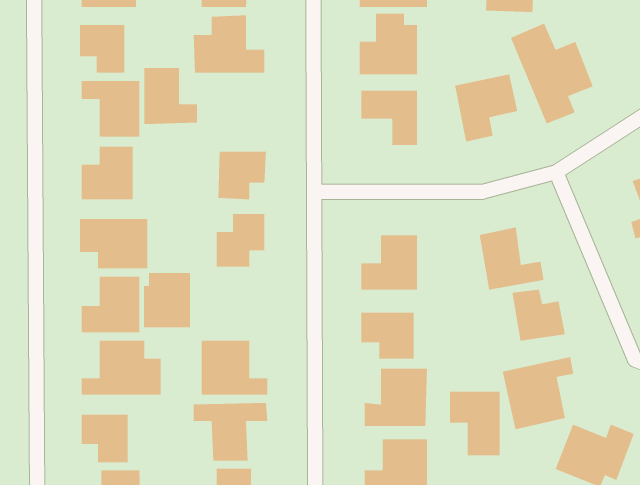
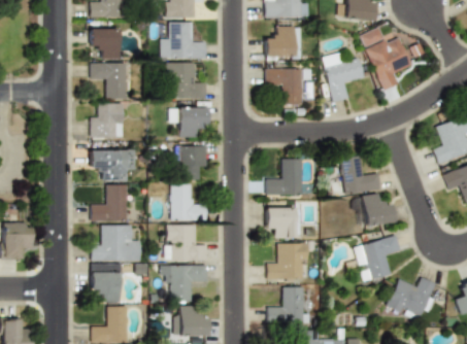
building: [144,67,198,125] -> [173,63,207,99]
building: [143,272,191,328] -> [167,185,197,220]
building: [449,391,500,456] -> none

